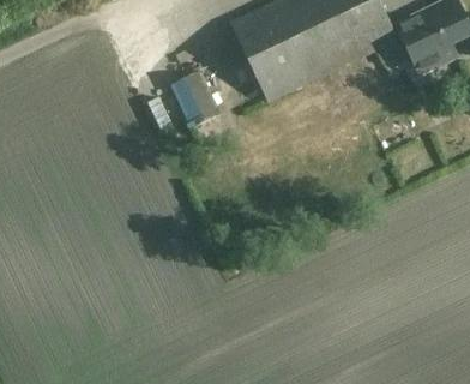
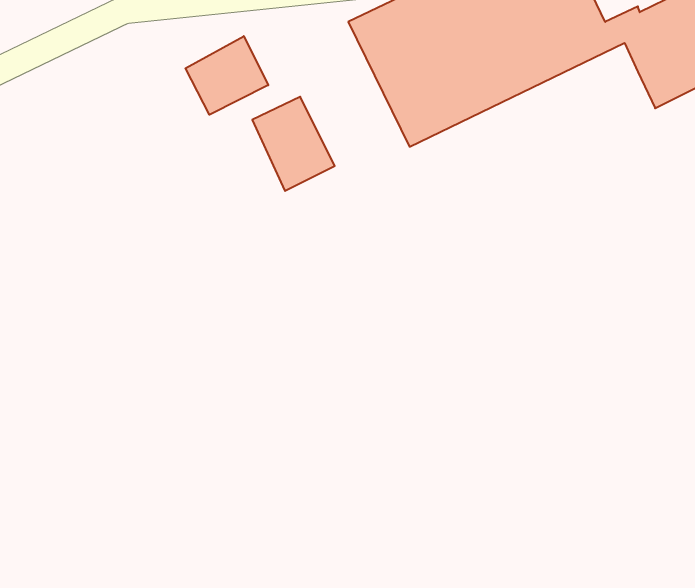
building: none -> [185,36,268,115]

